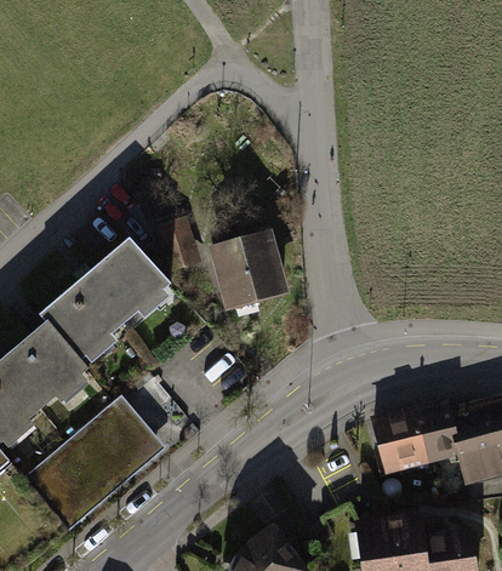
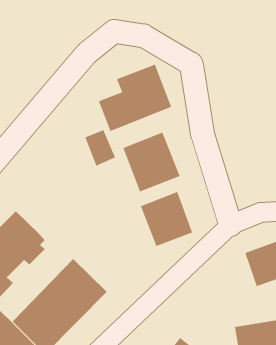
building: none -> [98,64,172,132]
building: [40,239,171,359] -> none
building: none -> [140,191,193,247]

